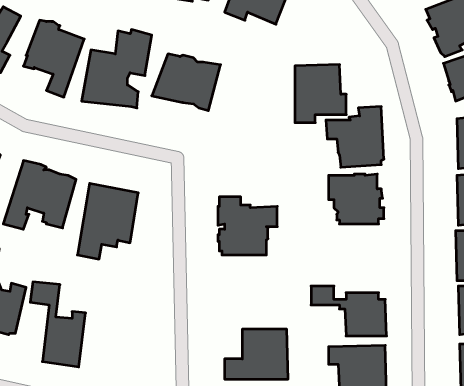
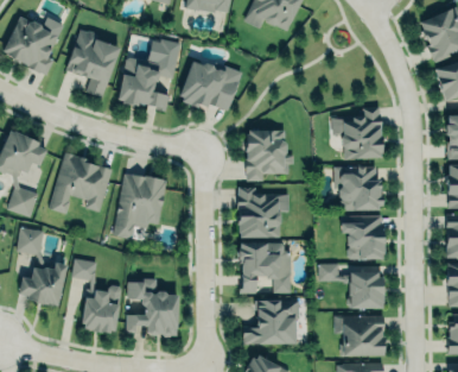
building: [295,65,346,123] -> [246,131,291,182]
building: none -> [341,216,383,260]
building: none -> [237,241,291,294]
building: none -> [126,278,178,338]

